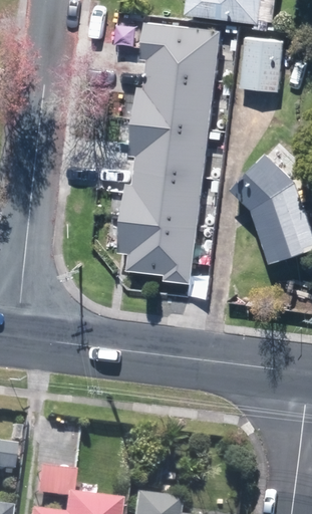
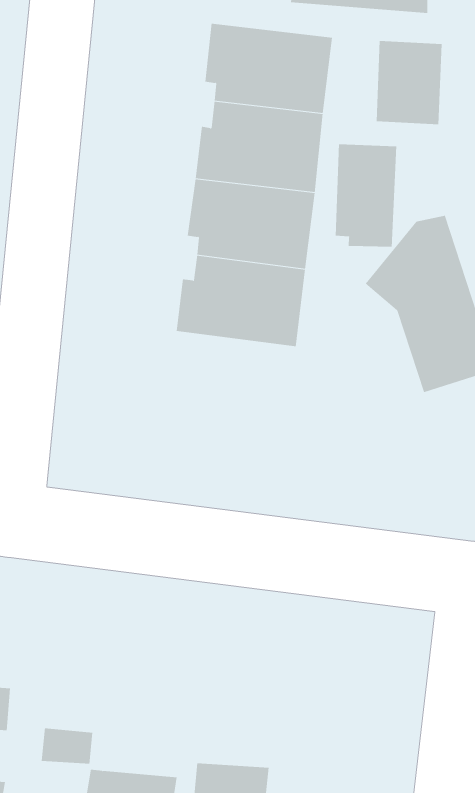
building: none -> [335,143,397,248]
building: [115,218,197,285] -> none

